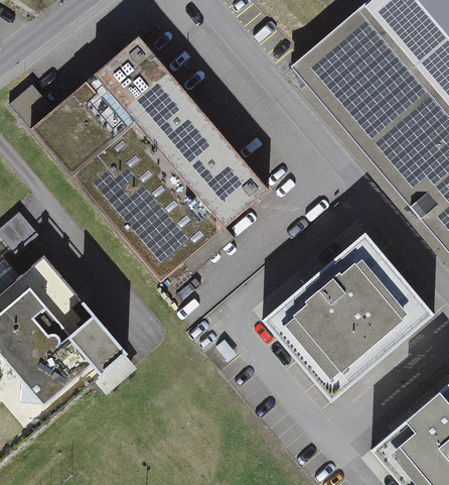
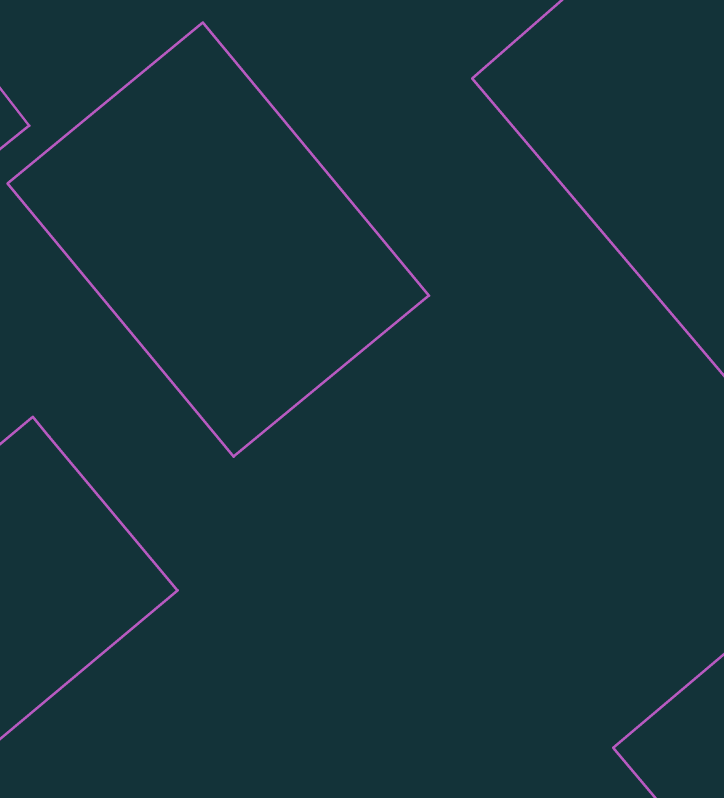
building: [262,225,429,388] -> none

